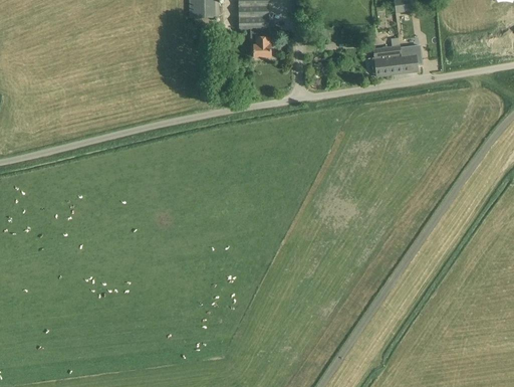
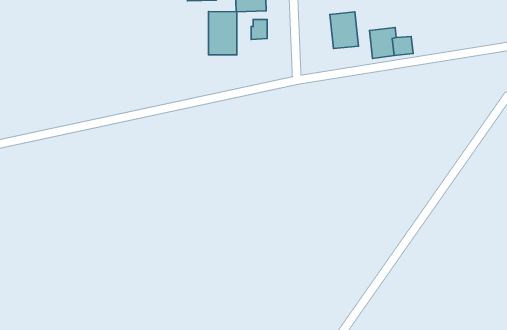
building: none -> [209,12,237,55]
building: none -> [330,12,358,49]

